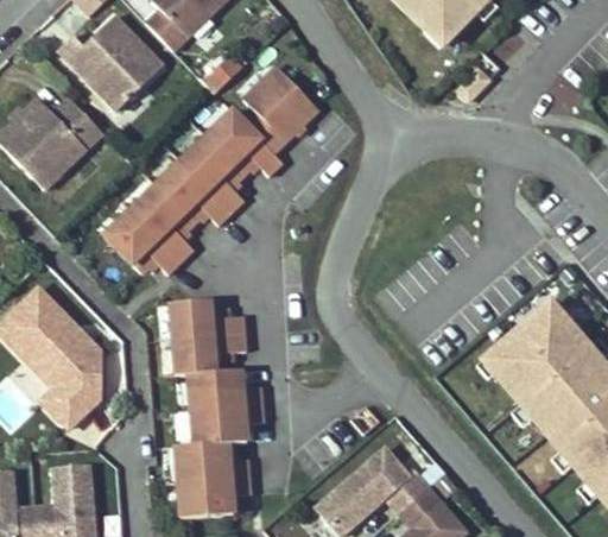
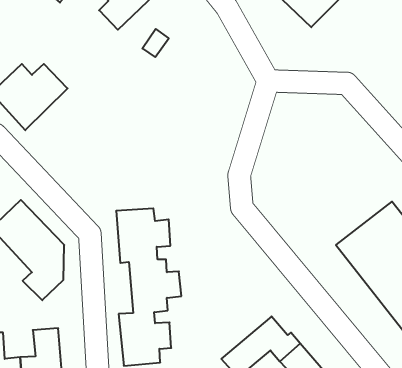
building: [57,14,162,109] -> none
building: [103,65,317,273] -> none

